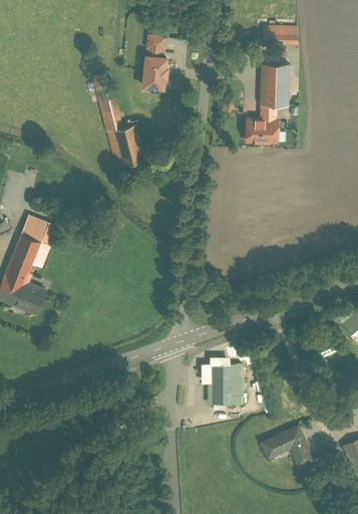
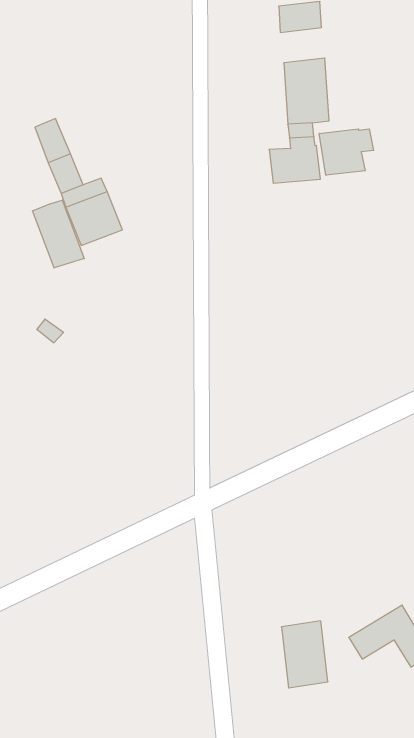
building: [141,36,165,88] -> none
building: none -> [319,129,374,175]
building: none -> [33,200,84,268]
building: [211,364,237,406] -> [281,621,328,688]

